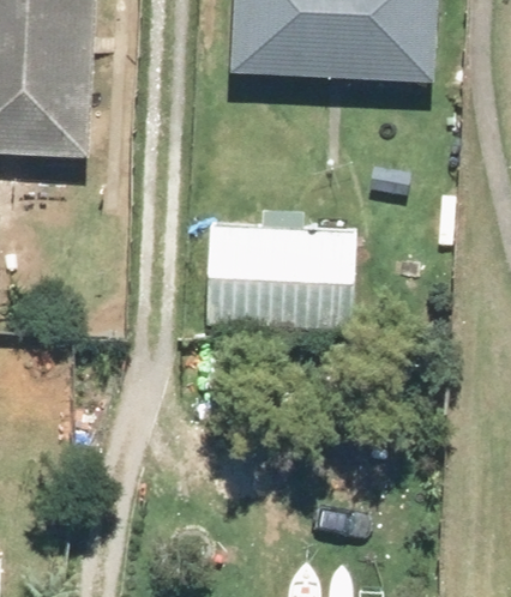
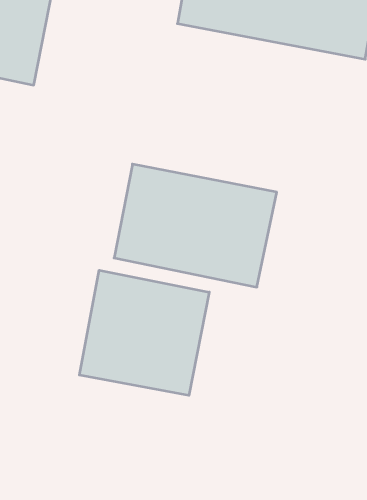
building: none -> [79,270,209,395]

